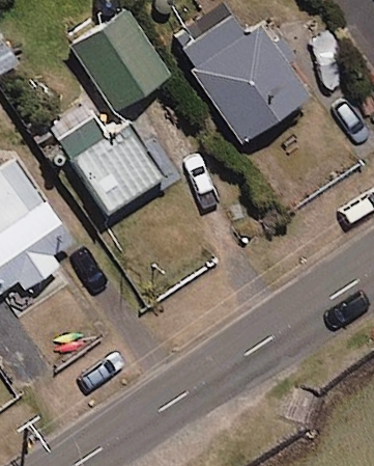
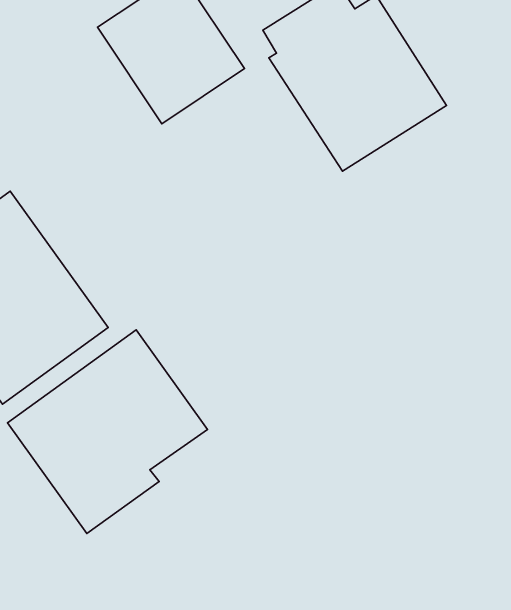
building: [44,118,164,215] -> none
building: none -> [8,330,207,534]

